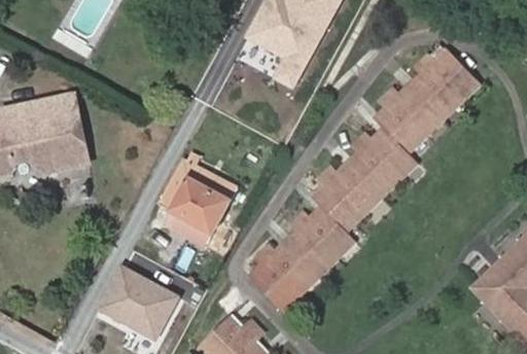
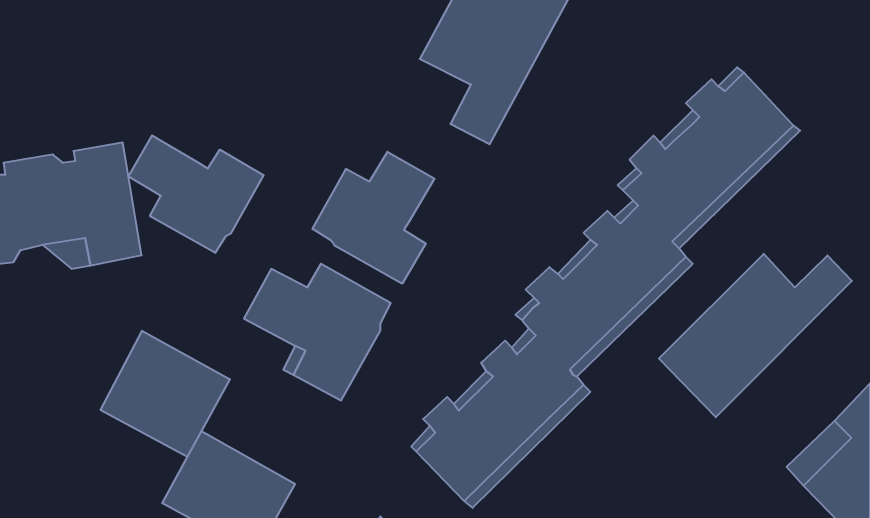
building: none -> [129,135,264,253]
building: none -> [312,152,435,284]
building: none -> [659,254,852,417]
building: none -> [101,331,230,457]

